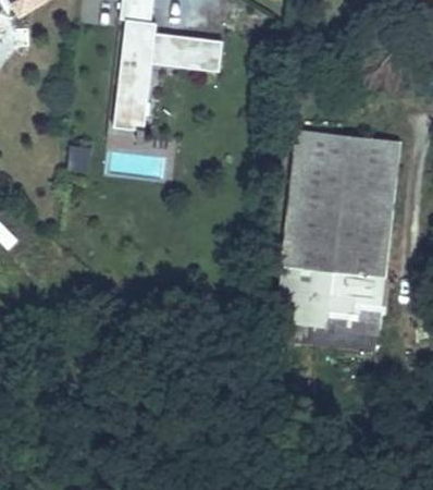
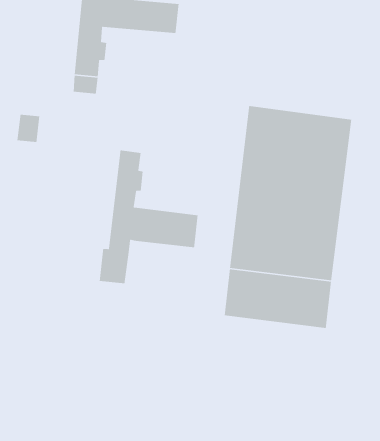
building: none -> [99,150,199,284]

